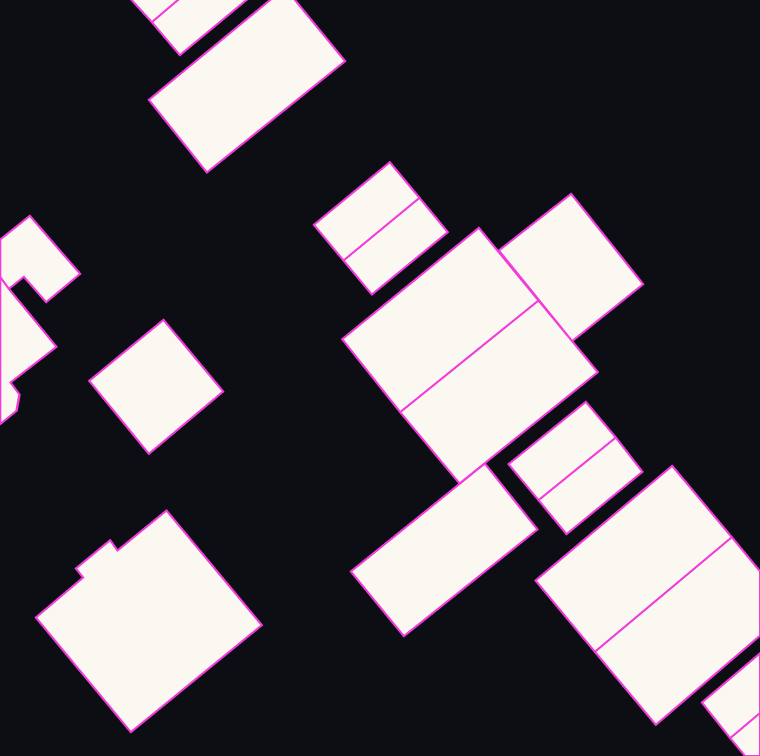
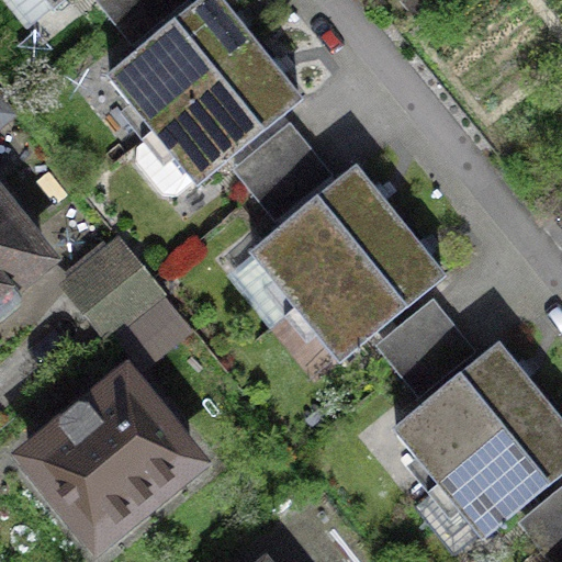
building: none -> [153,45,297,180]
building: [499,194,643,341] -> none
building: [351,463,537,636] -> none

